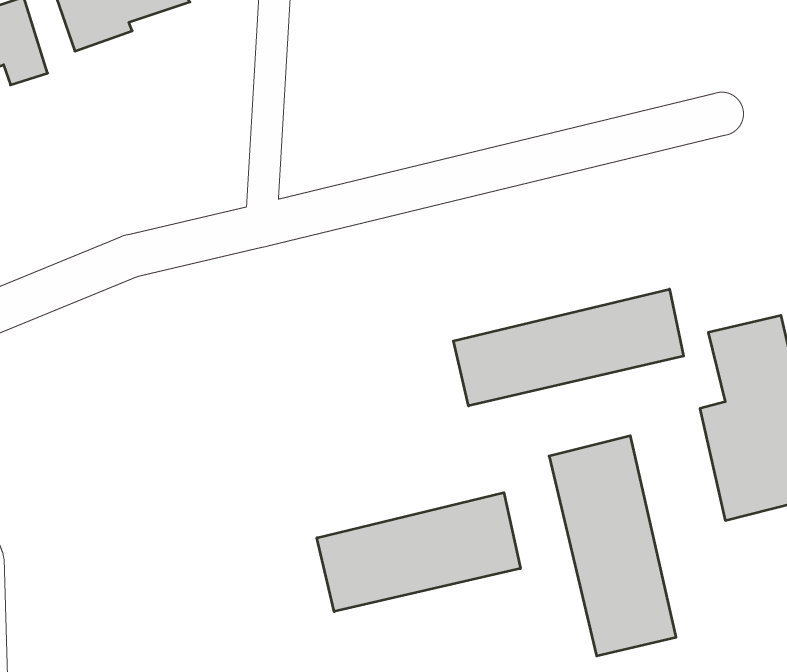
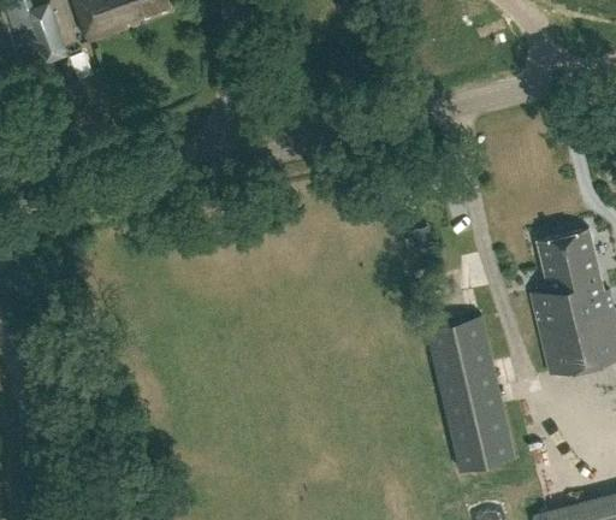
building: [453,289,684,406] -> none
building: [317,493,520,612] -> none

